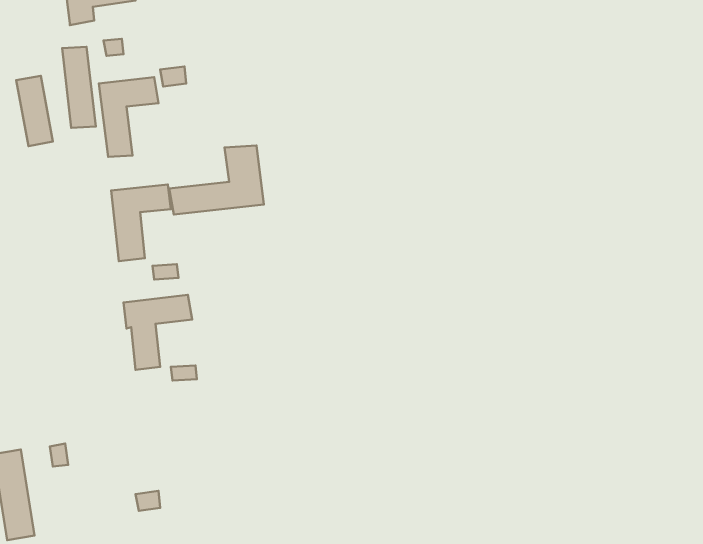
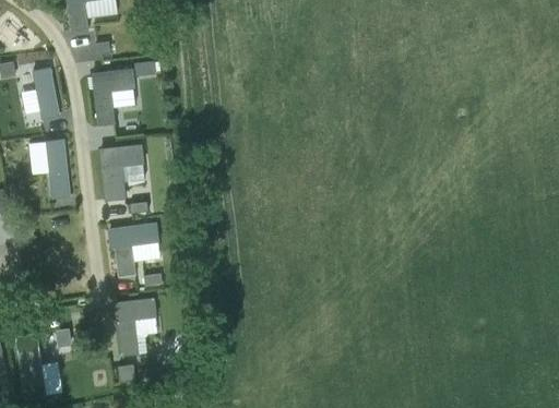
building: [62,47,96,128] -> [46,140,70,197]
building: [169,145,264,214] -> none
building: none -> [115,298,155,356]

